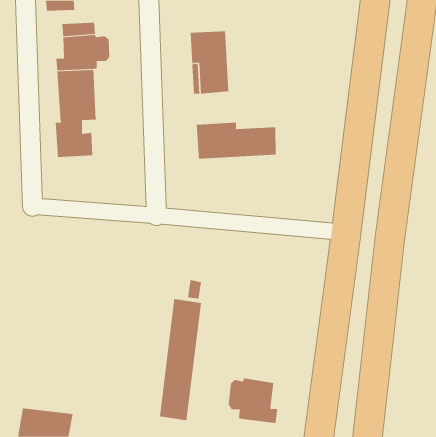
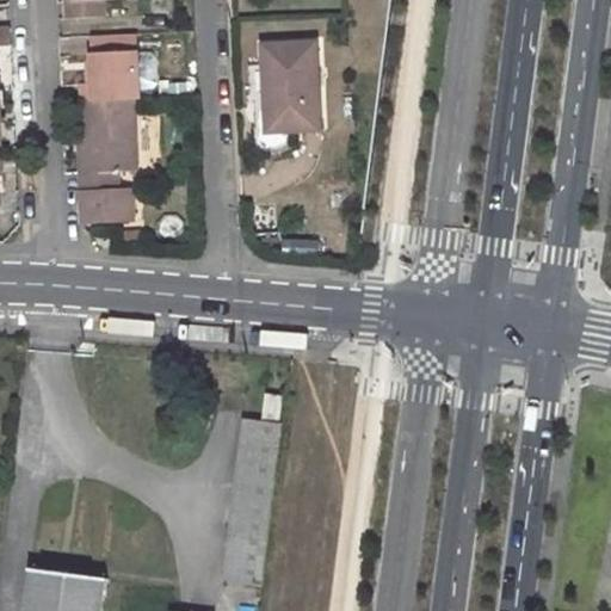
building: [196,122,276,160] -> none
building: [228,378,278,424] -> none

